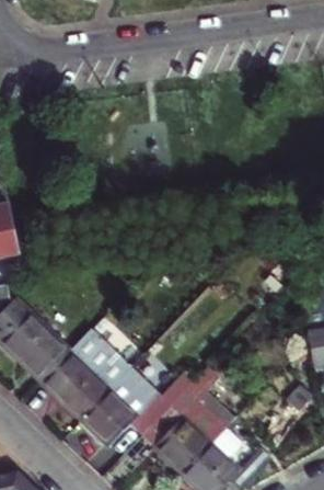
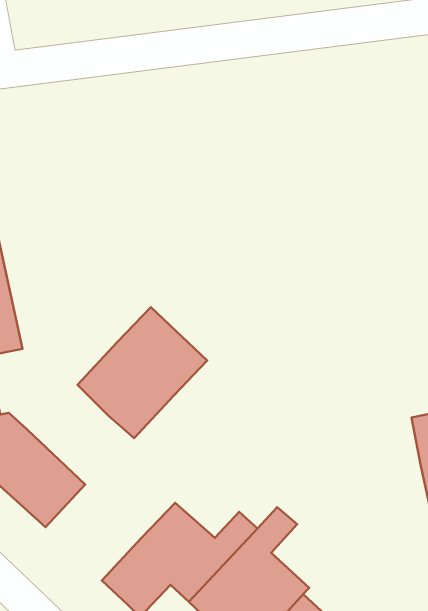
building: [39,327,132,421] -> [78,307,207,438]

